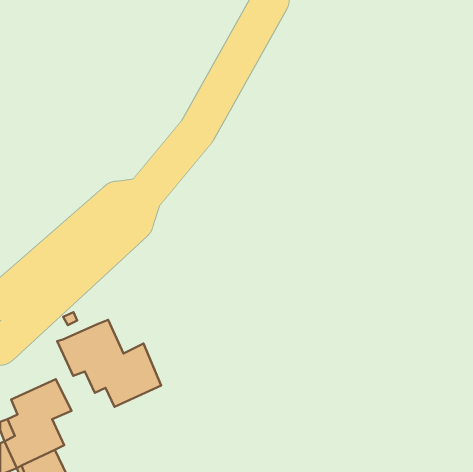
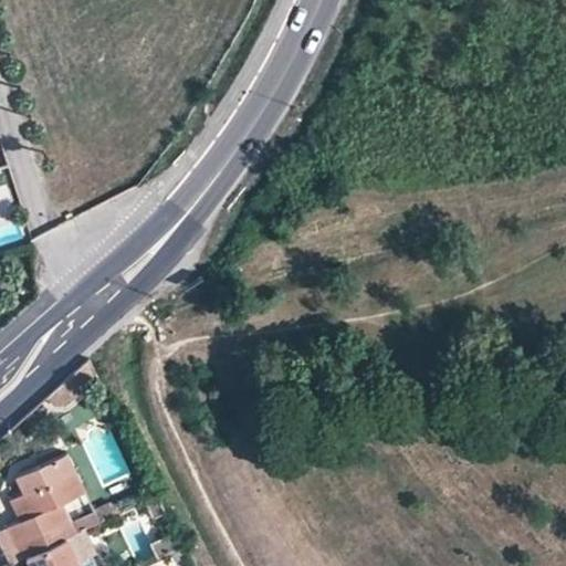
building: [57,320,161,407] -> none

